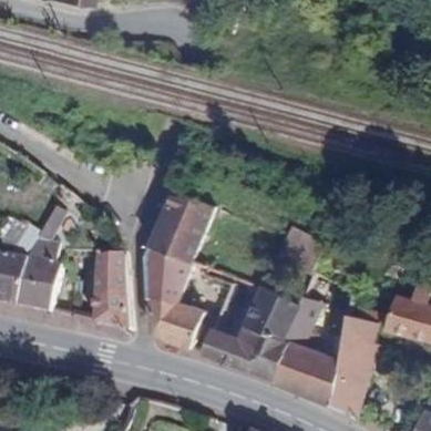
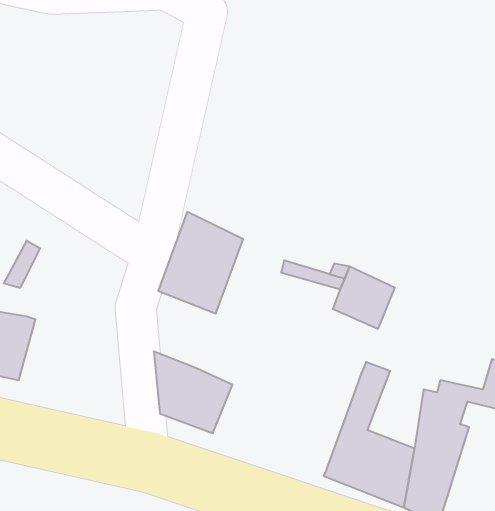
building: [143,243,192,299] -> none
building: [93,250,130,328] -> none
building: [202,285,298,376] -> none

